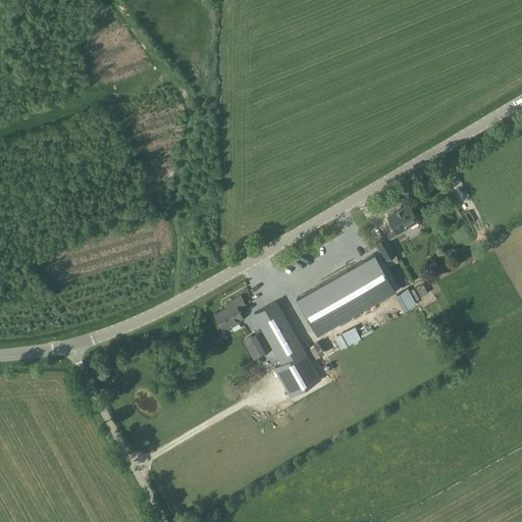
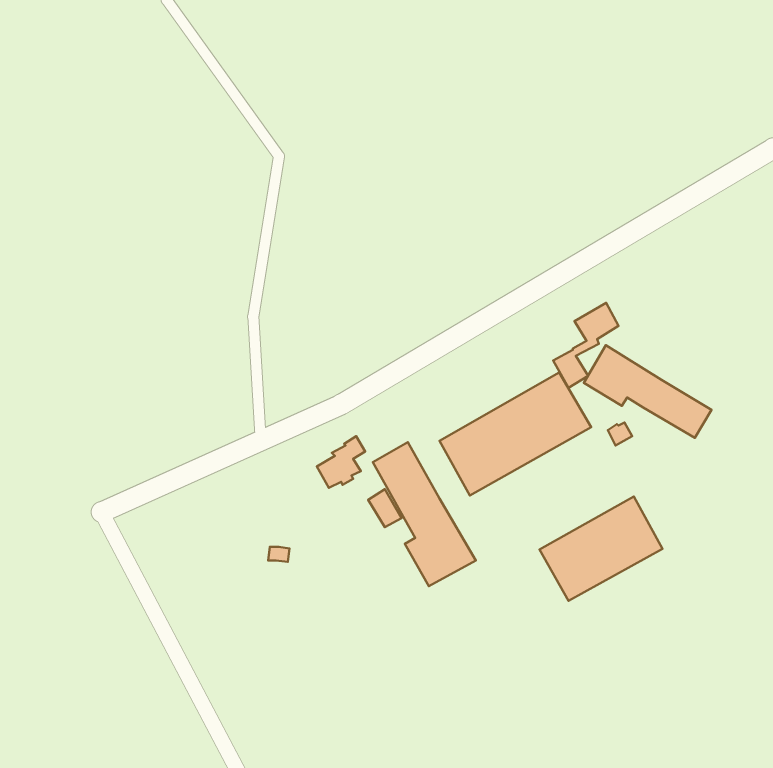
building: none -> [584,345,712,438]
building: none -> [539,497,662,601]

